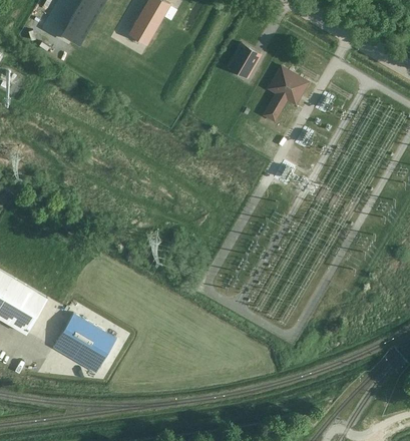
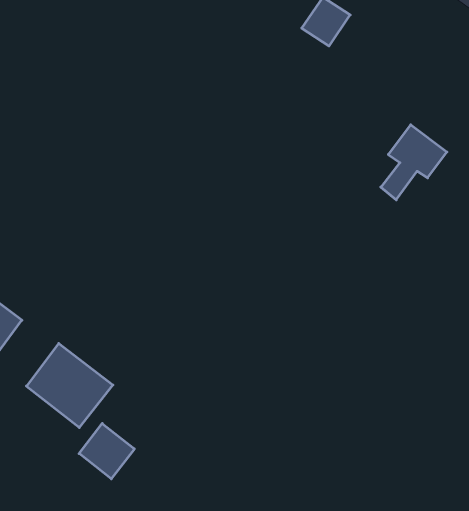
building: [262,66,307,121] -> [381,125,447,200]
building: none -> [79,423,134,479]

